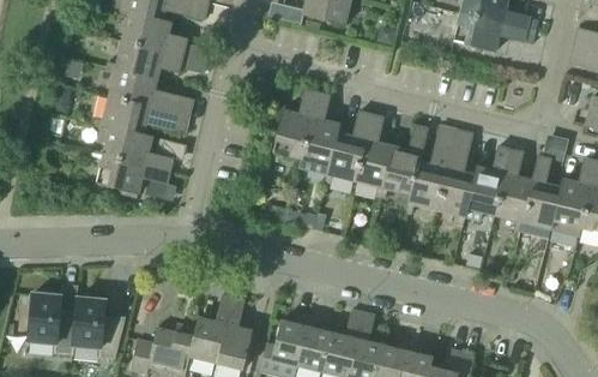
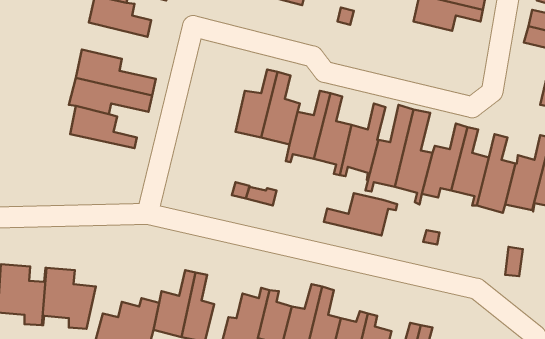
building: [116,42,183,79] -> none
building: [97,156,170,195] -> none
building: none -> [324,193,397,235]

